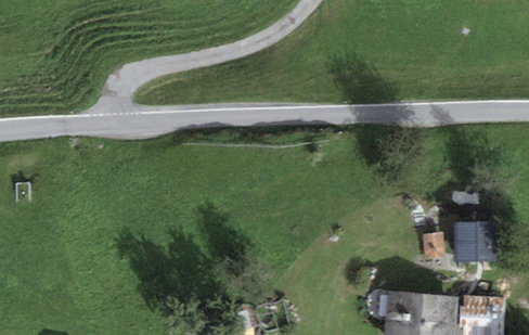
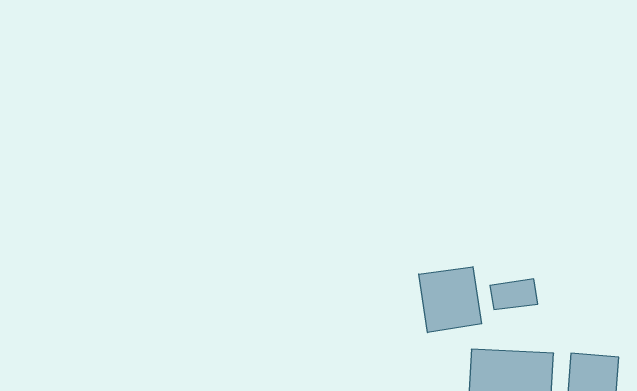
building: [454,220,495,261] -> none
building: none -> [419,267,482,333]

